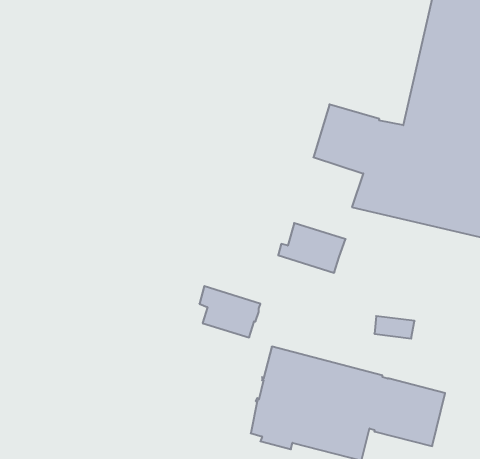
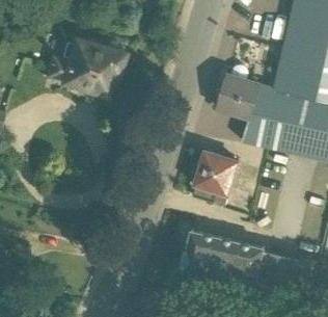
building: none -> [49,38,124,91]
building: [199,286,260,337] -> [192,171,231,205]

